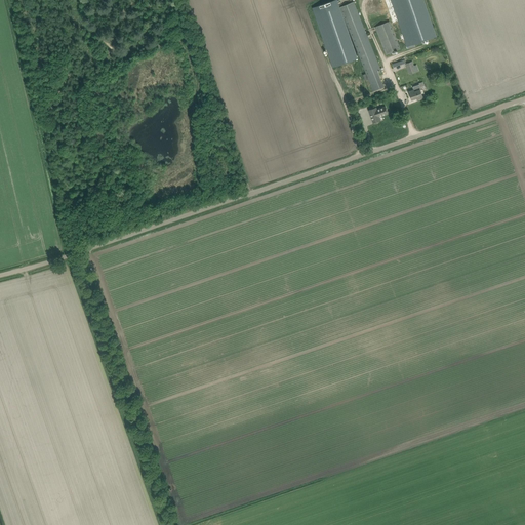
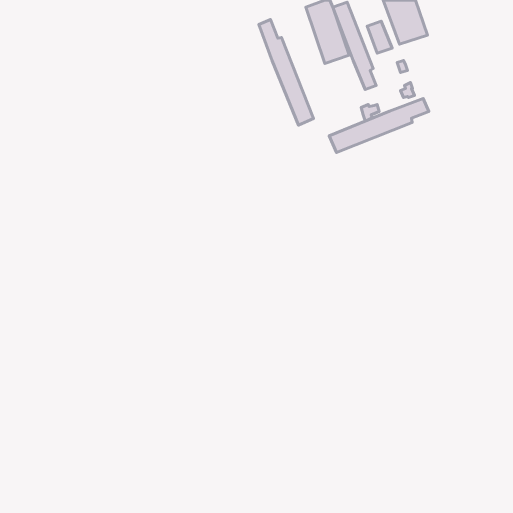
building: none -> [259,20,314,125]
building: none -> [329,98,429,152]

